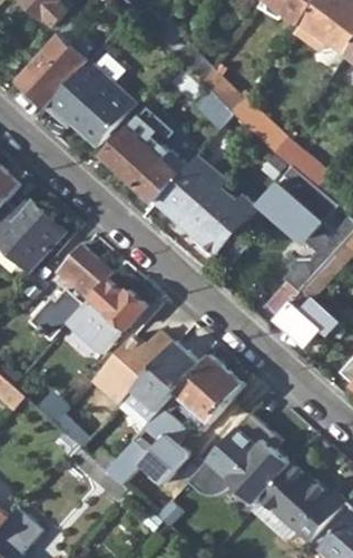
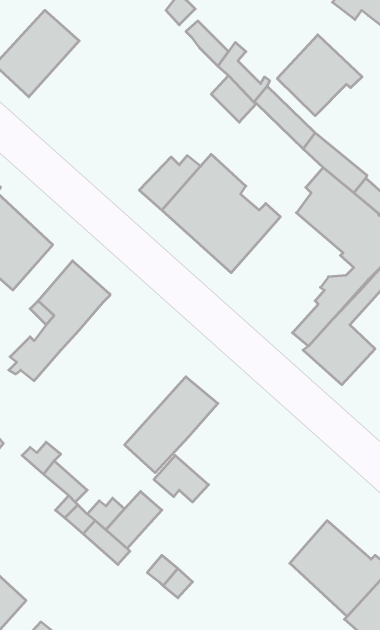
building: none -> [277,35,362,116]
building: [42,61,134,146] -> none
building: [100,116,168,186] -> none
building: [69,280,144,353] -> none
building: [91,331,173,404] -> none
building: [176,354,243,422] -> none
building: [192,415,291,500] -> none
building: [145,437,190,483] -> none

